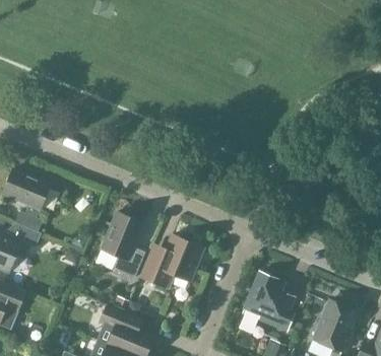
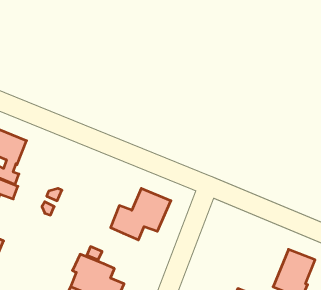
building: [101,212,144,278] -> none
building: [242,271,295,332] -> none

